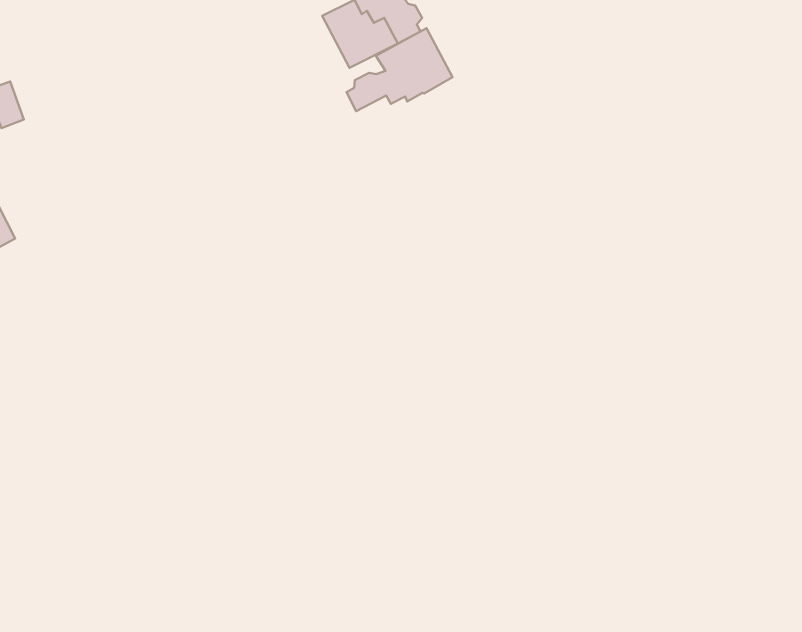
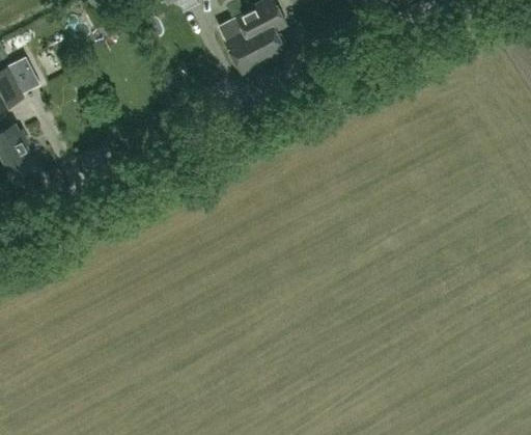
building: [346,28,453,111] -> none

